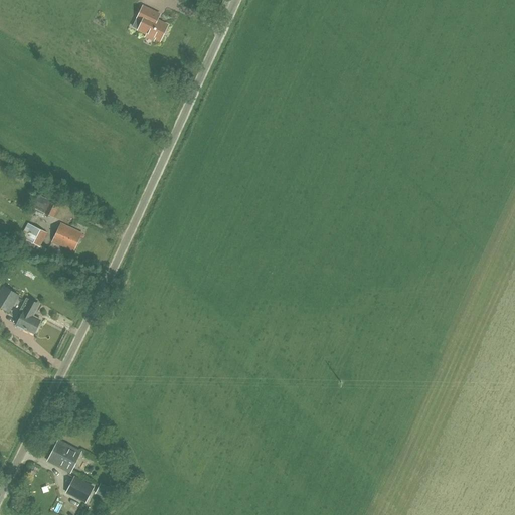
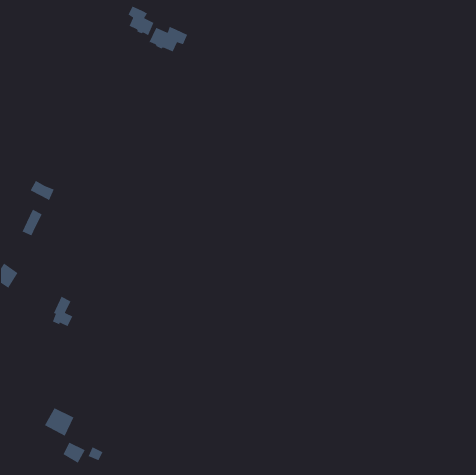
building: none -> [148,26,188,53]
building: [52,223,81,250] -> none
building: [16,297,39,331] -> [52,296,73,327]

